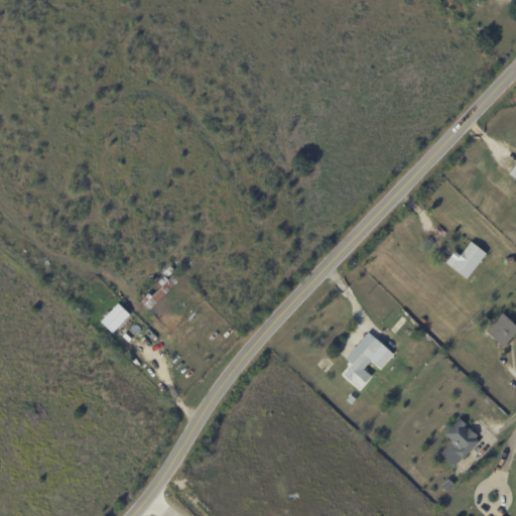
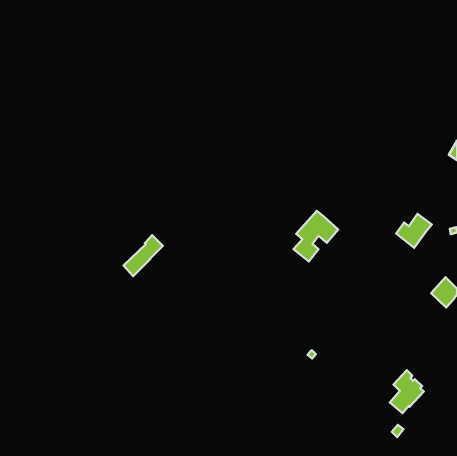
building: [103,302,132,333] -> none
building: [343,333,393,390] -> [294,211,338,262]

